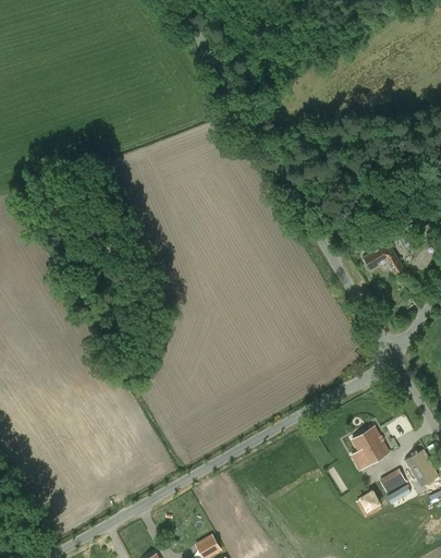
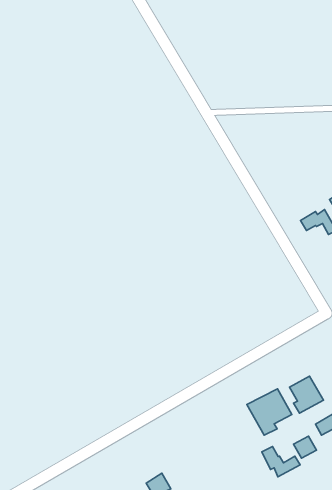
building: none -> [247,389,292,435]
building: none -> [262,446,300,477]

